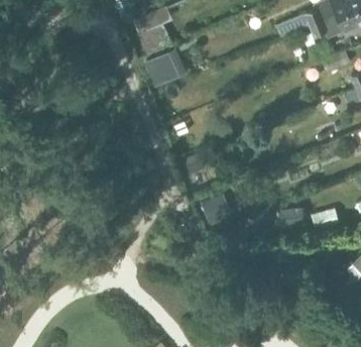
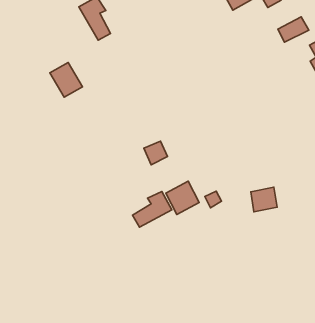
building: [155,48,185,81] -> [50,62,83,97]
building: none -> [133,191,172,227]

